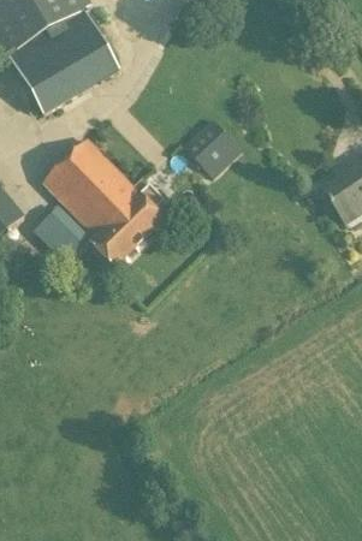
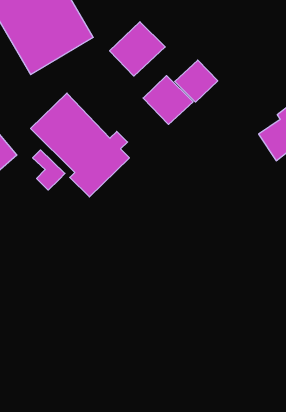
building: none -> [110,22,165,76]
building: none -> [175,60,218,102]

